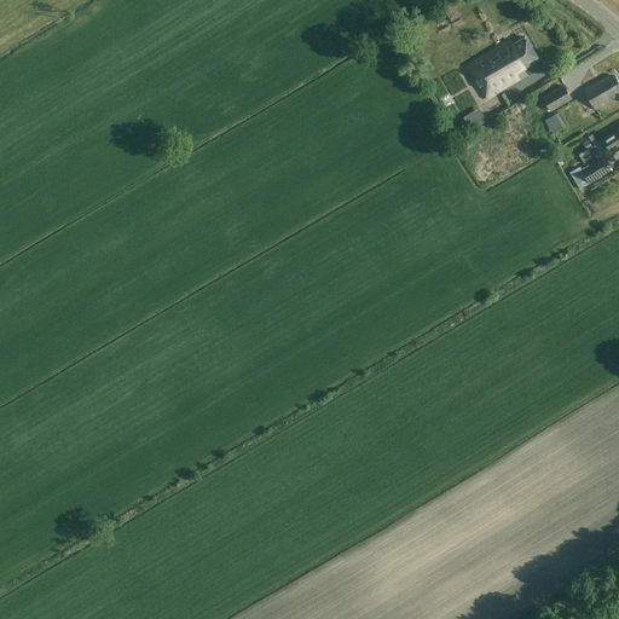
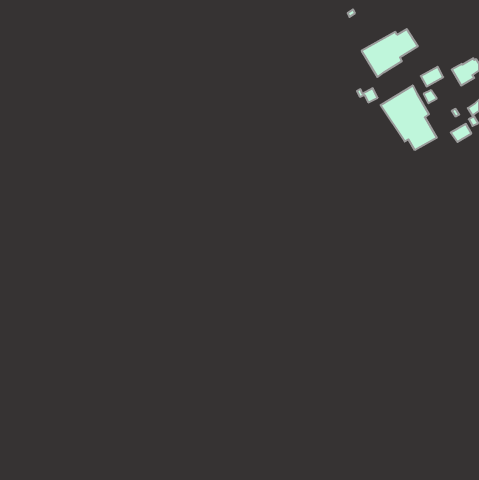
building: none -> [381,85,437,150]

